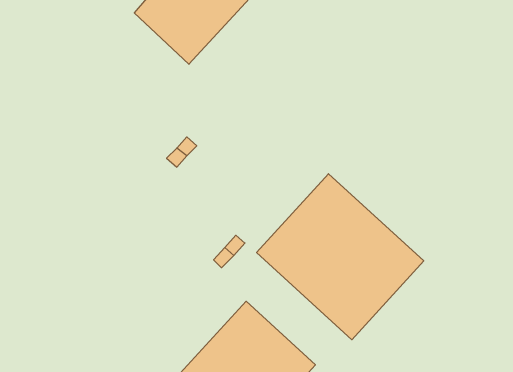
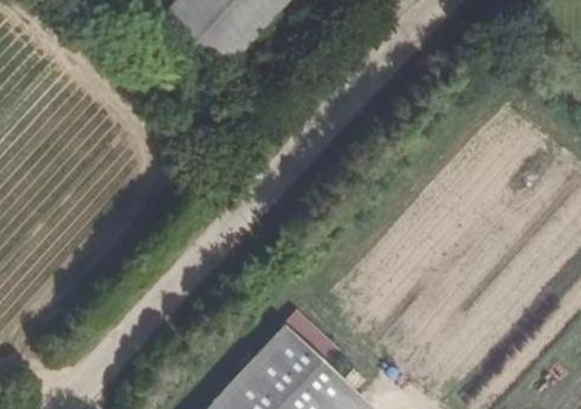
building: [257,174,424,340] -> none

